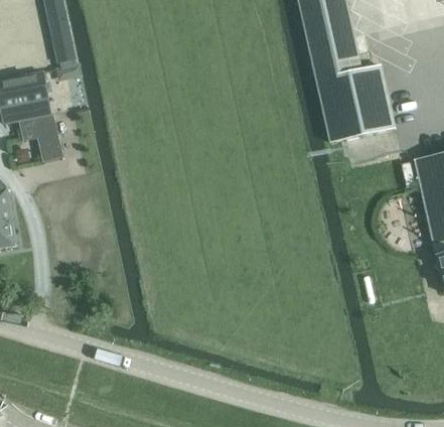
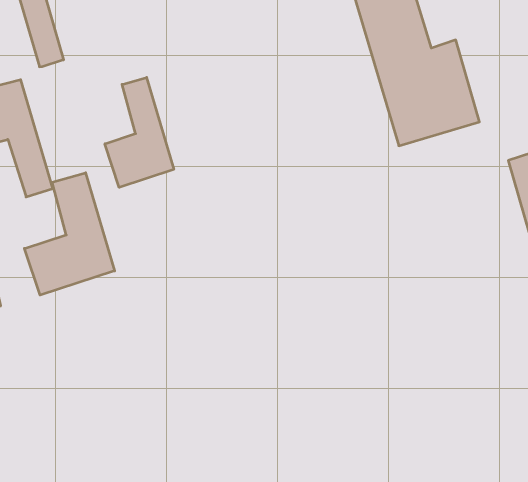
building: none -> [105,77,174,187]
building: none -> [24,173,115,295]

